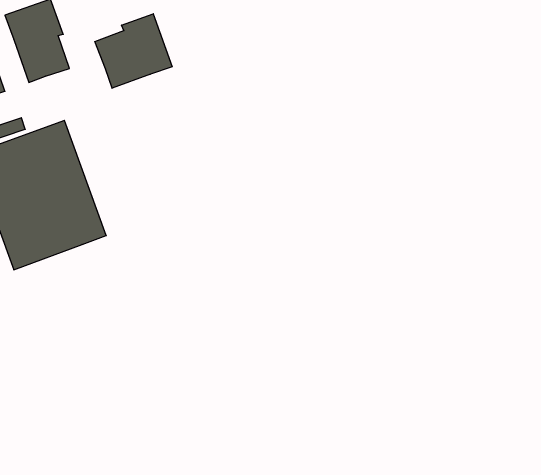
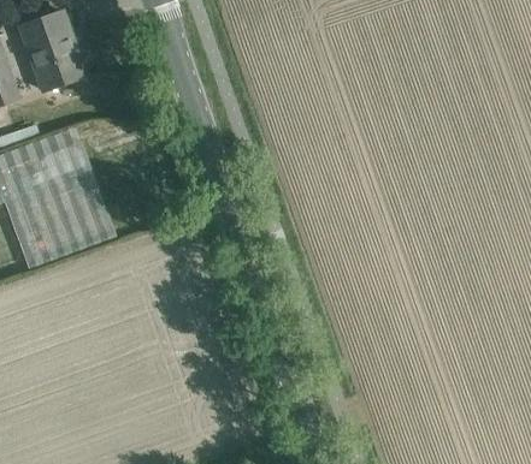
building: [95,14,172,88] -> none

